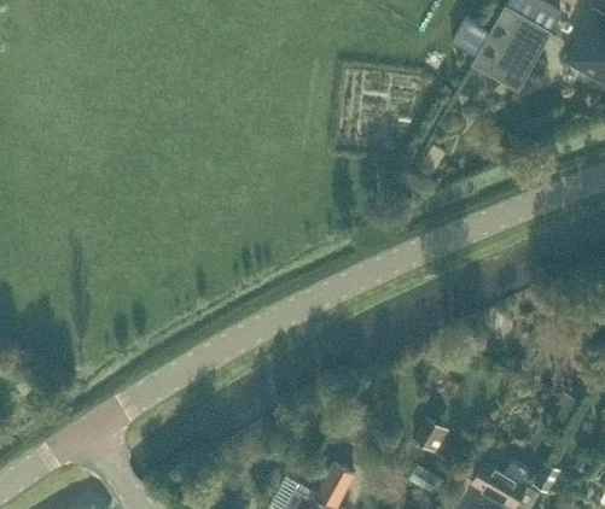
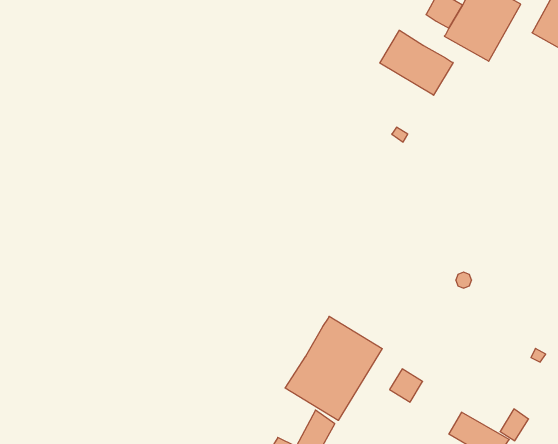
building: none -> [380,30,453,95]
building: none -> [285,316,382,420]

